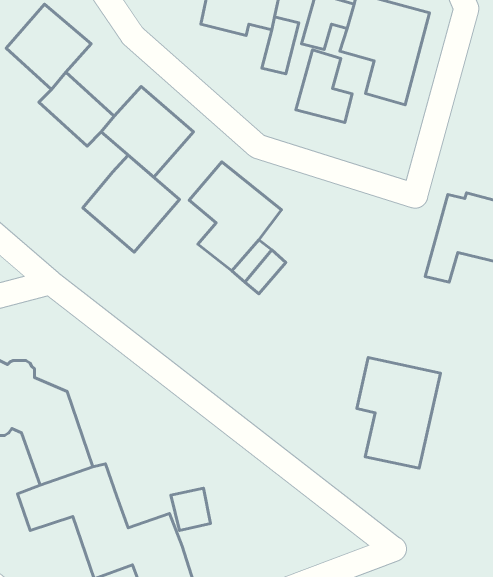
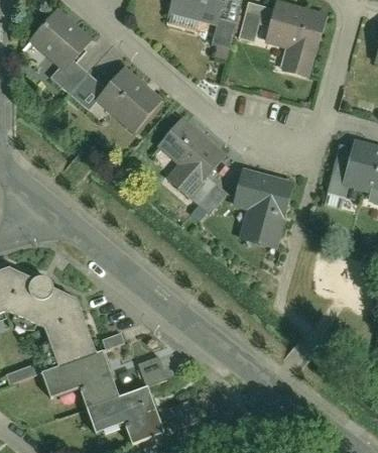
building: [296,50,352,122] -> none
building: [83,155,179,252] -> none
building: [357,357,441,468] -> [233,172,292,250]

